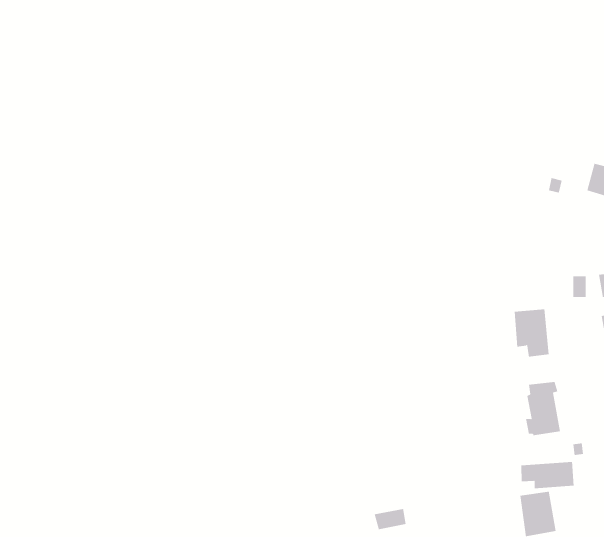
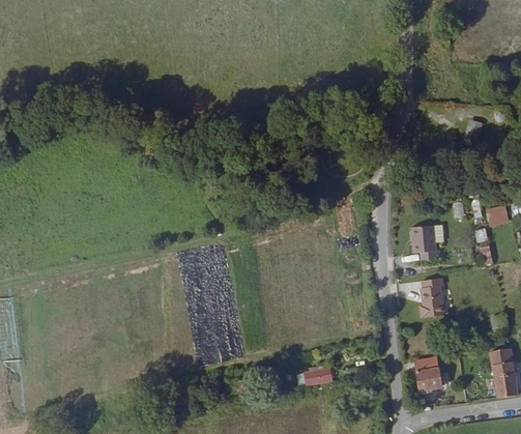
building: [521,461,574,489] -> none

